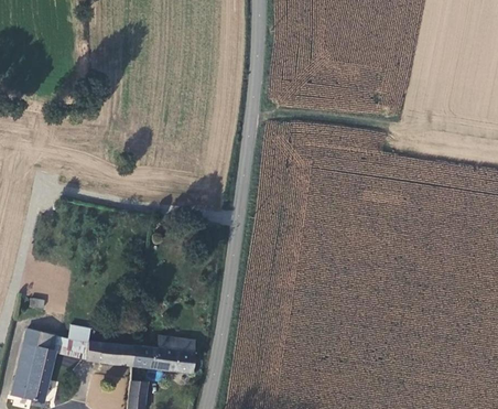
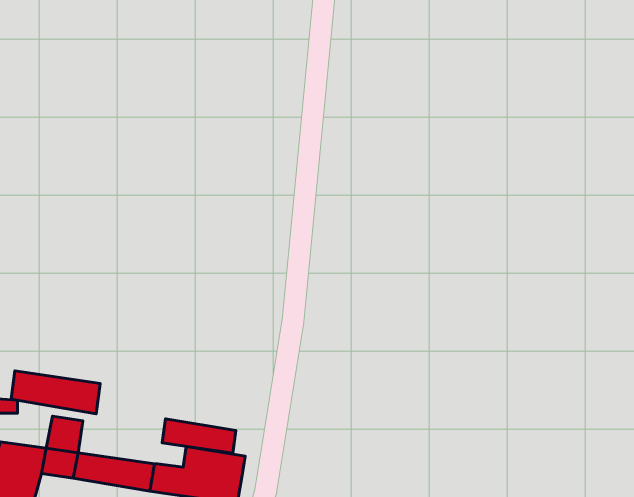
building: none -> [11,371,100,414]
building: none -> [162,419,236,453]

